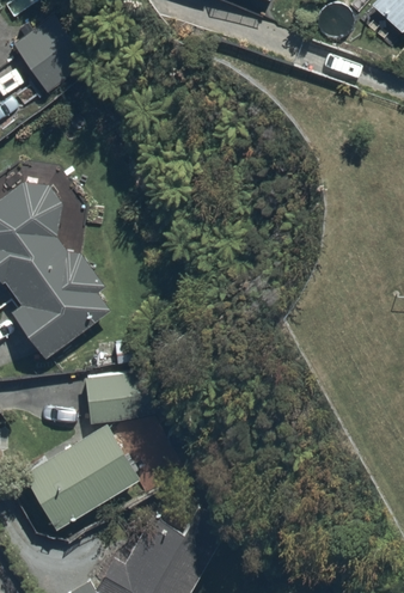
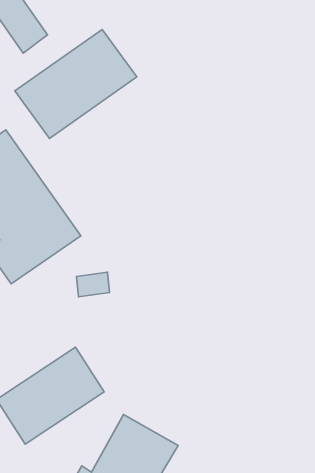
building: none -> [15,29,137,138]
building: [85,368,147,424] -> none

